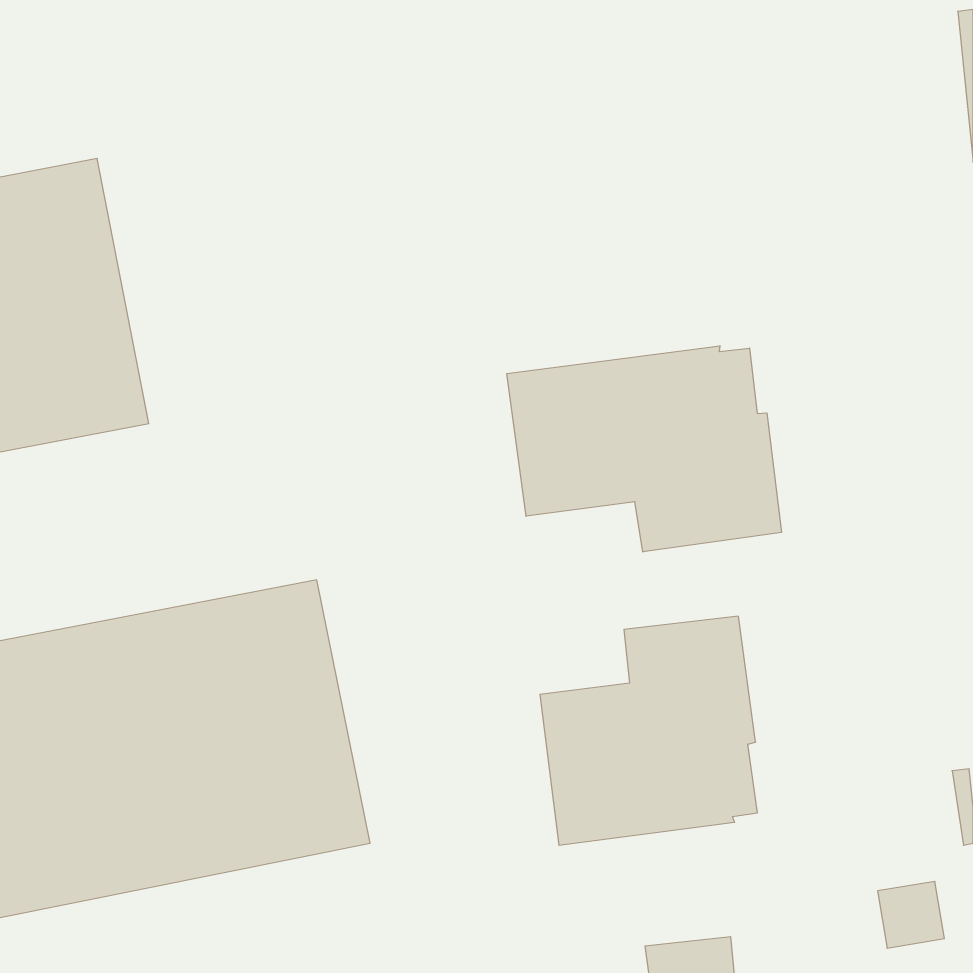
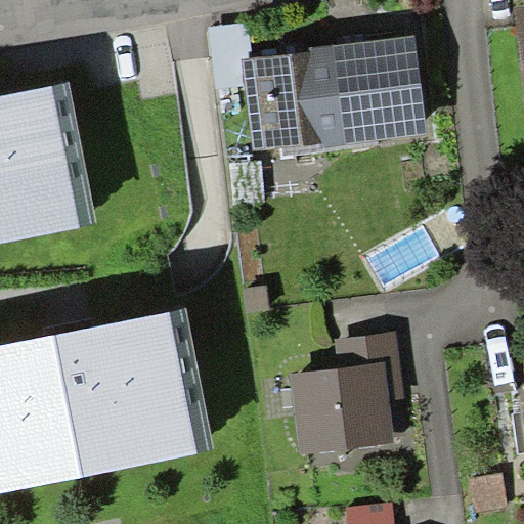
building: none -> [243,36,427,154]
building: [507,346,782,552] -> none

